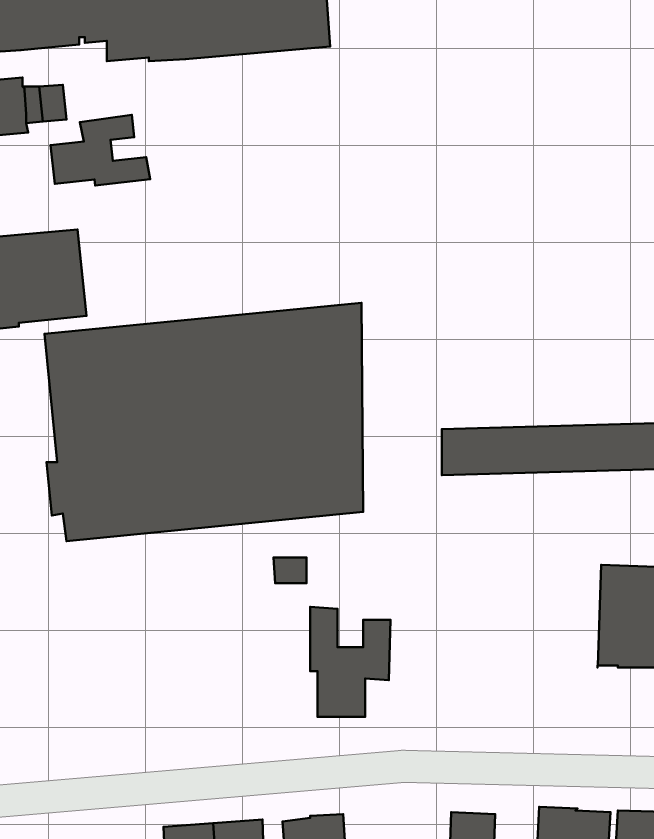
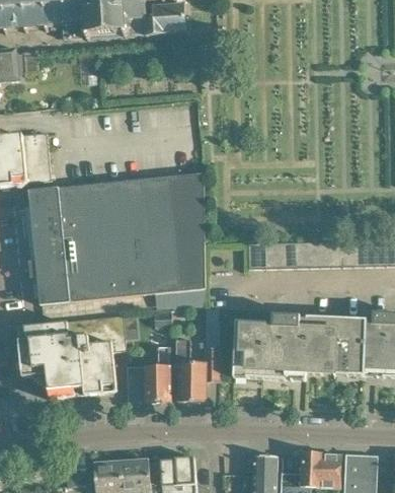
building: [51,115,150,185] -> none
building: none -> [17,314,126,399]
building: none -> [232,314,335,379]
building: none -> [126,347,170,402]

